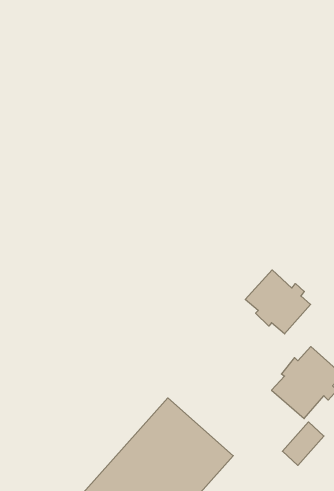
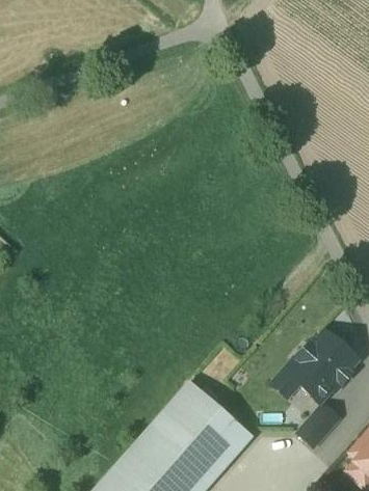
building: [245,270,311,334] -> none

